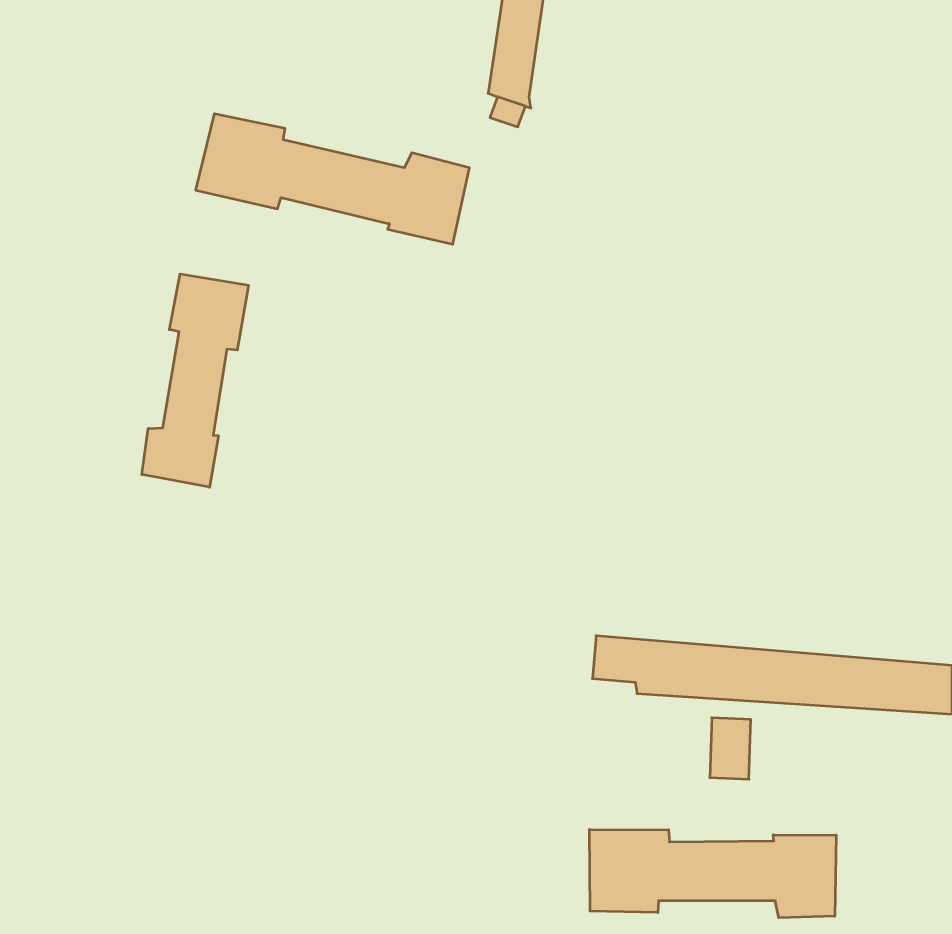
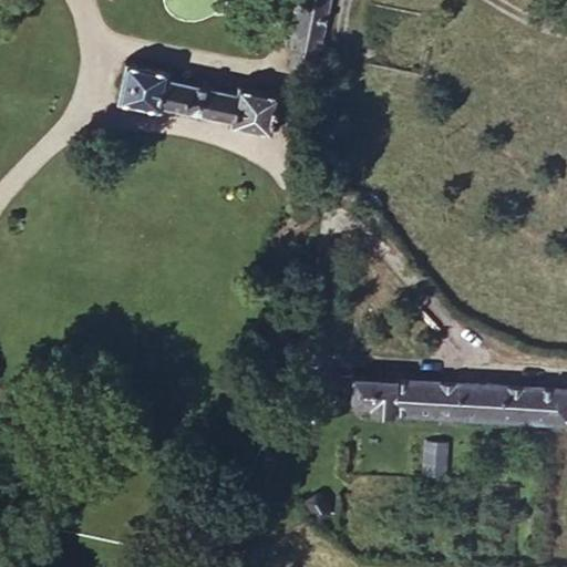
building: [142,274,248,487] -> none
building: [590,829,836,918] -> none

